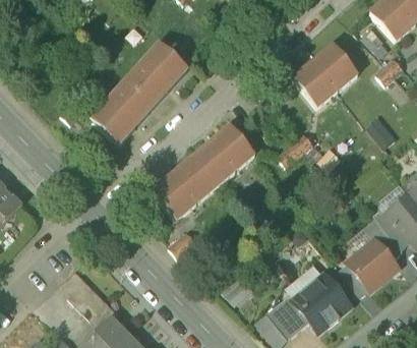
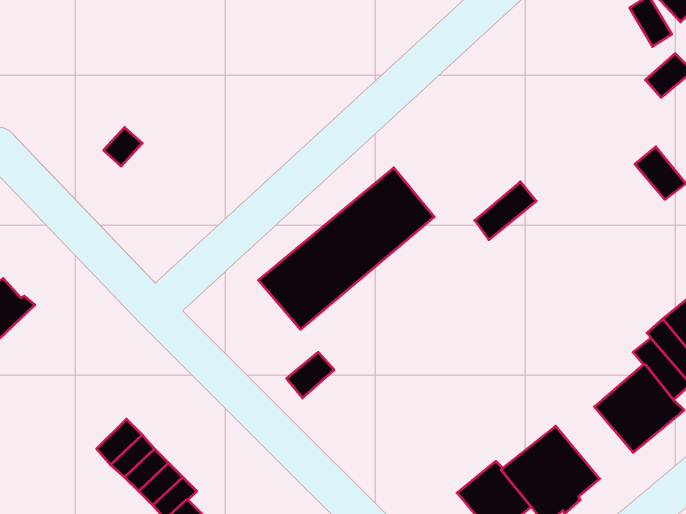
building: [94,44,188,143] -> none
building: [293,44,357,106] -> none

